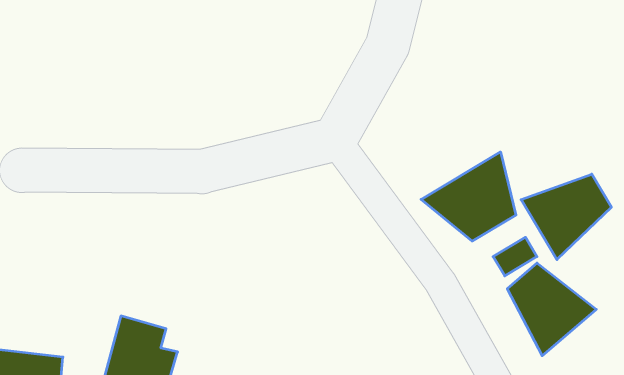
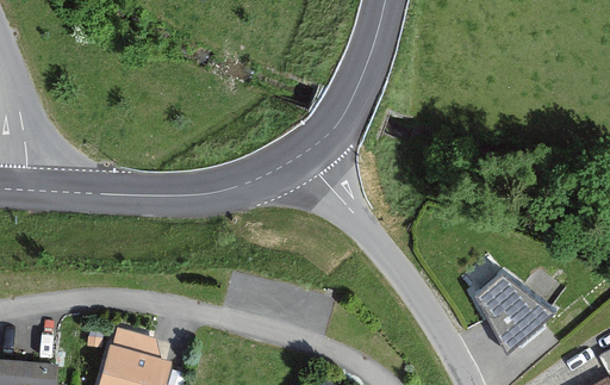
building: [421,152,516,241] -> none
building: [521,174,611,260] -> none

